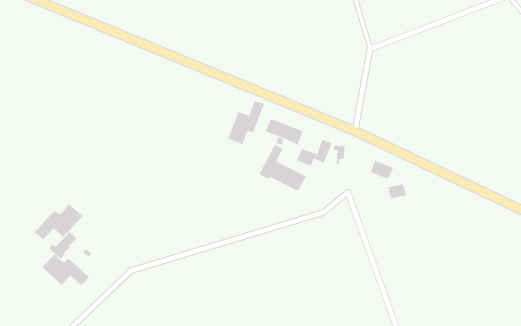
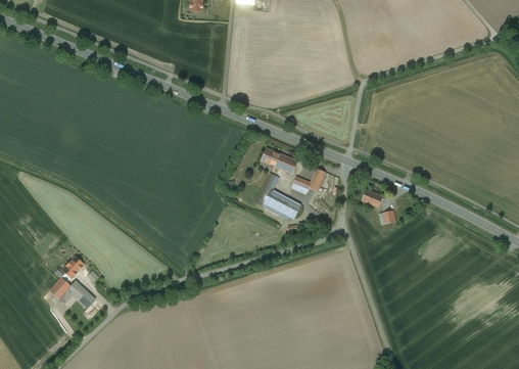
building: [227,100,265,145] -> none
building: [34,204,83,240] -> none

